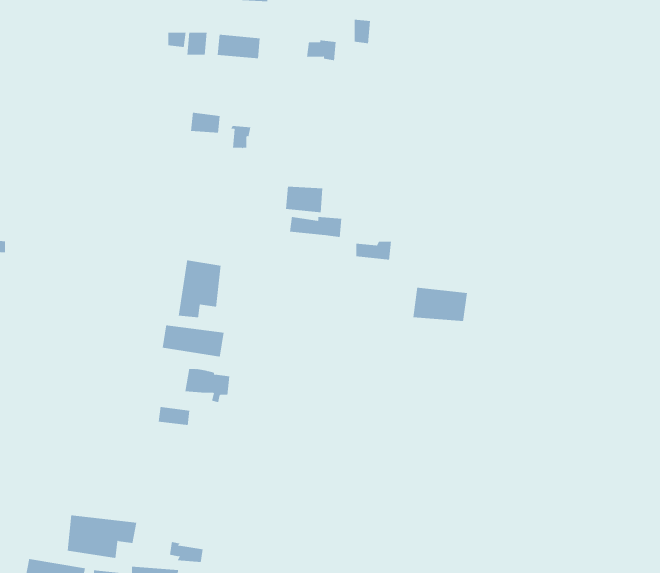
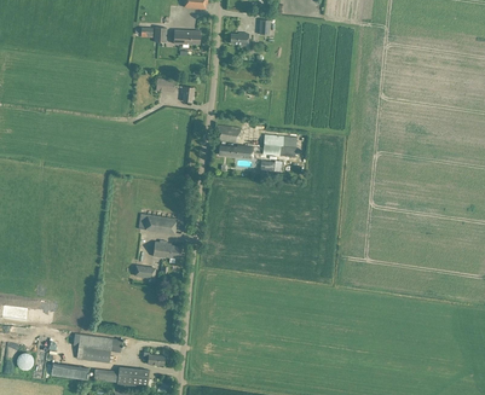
building: [178,260,221,318] -> none
building: [413,287,468,321] -> [262,135,298,157]

